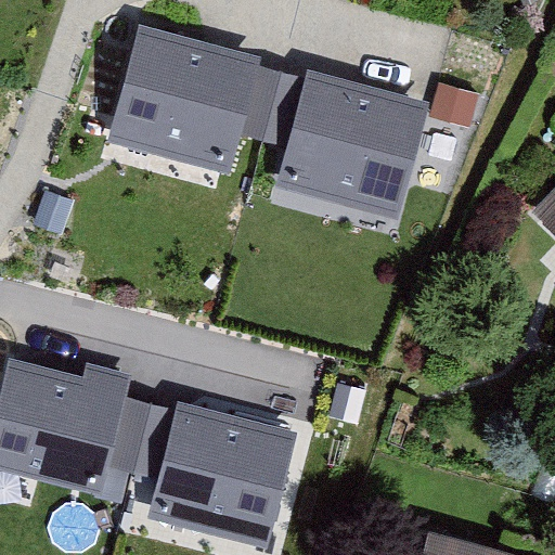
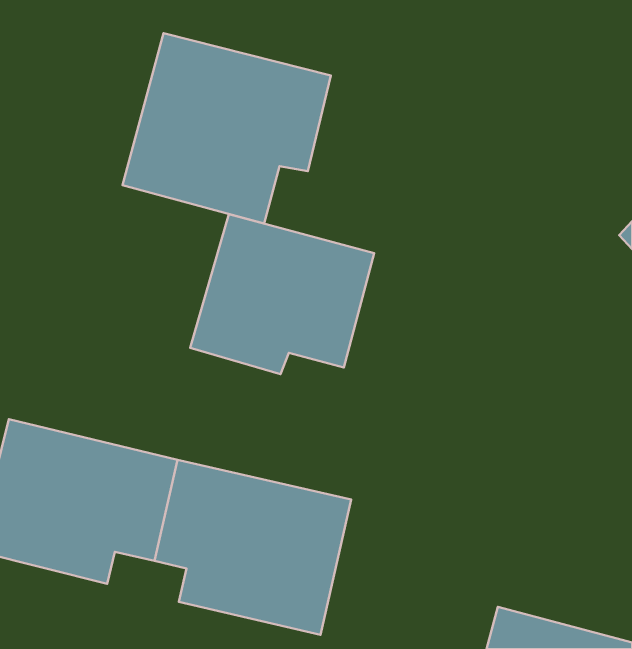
building: [261,64,431,227] -> none
building: none -> [190,214,374,374]

